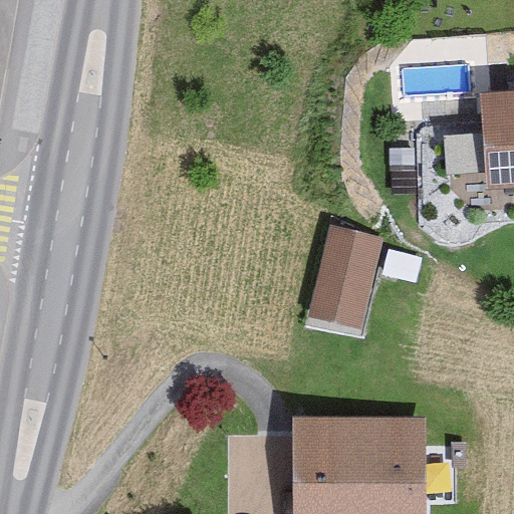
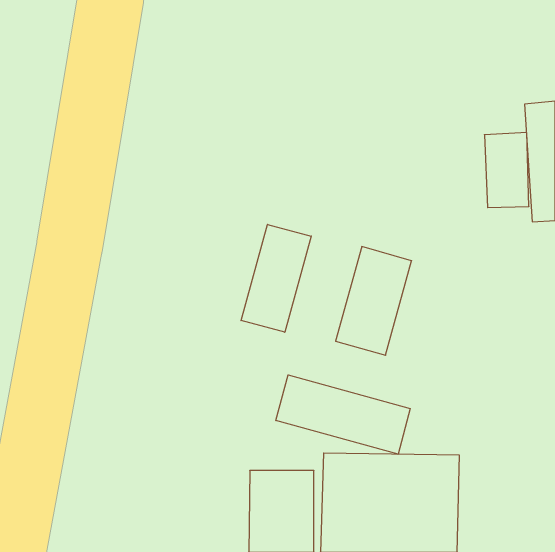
building: none -> [241,224,311,332]
building: none -> [276,375,410,454]

